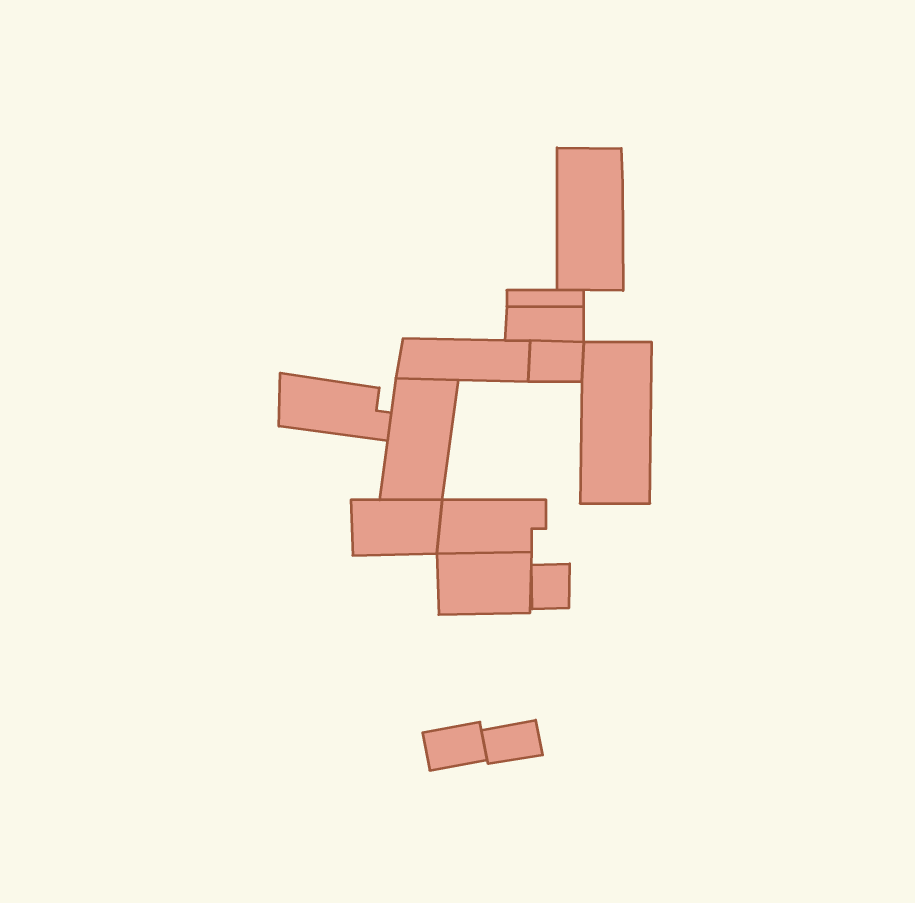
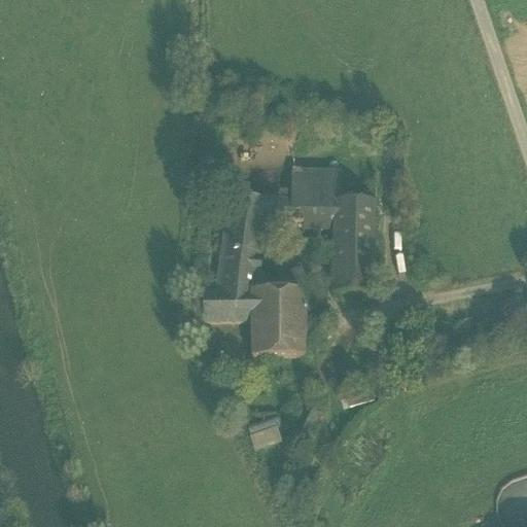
building: [557,148,623,291] -> none
building: [279,373,391,441] -> none
building: [531,564,570,609] -> none
building: [481,720,543,764] -> none

